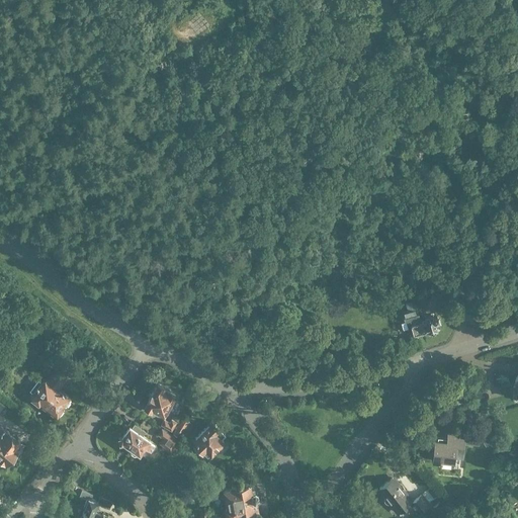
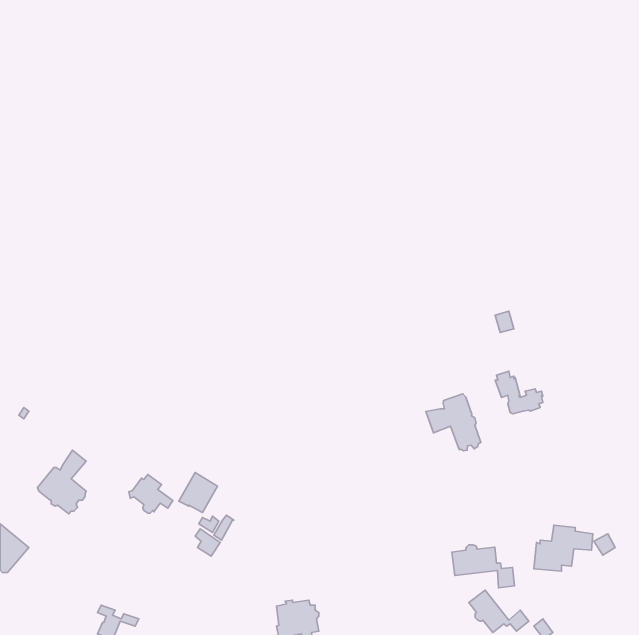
building: none -> [426,394,481,451]
building: [192,423,224,460] -> none
building: [119,426,155,457] -> [129,474,173,513]
building: none -> [452,545,514,588]

